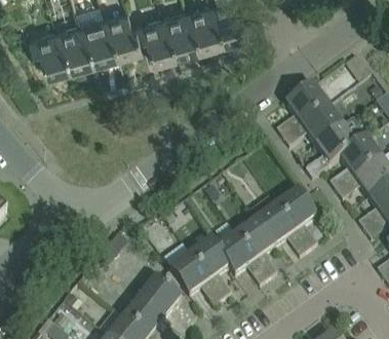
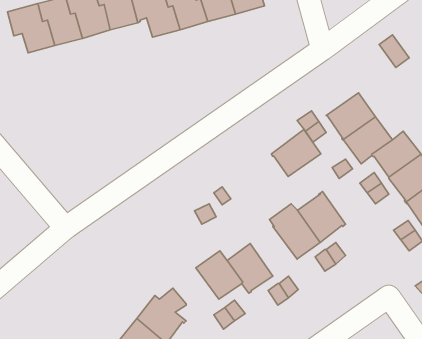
building: [285,85,327,125] -> [271,130,321,177]
building: [235,220,275,262] -> none
building: [168,255,208,297] -> none

